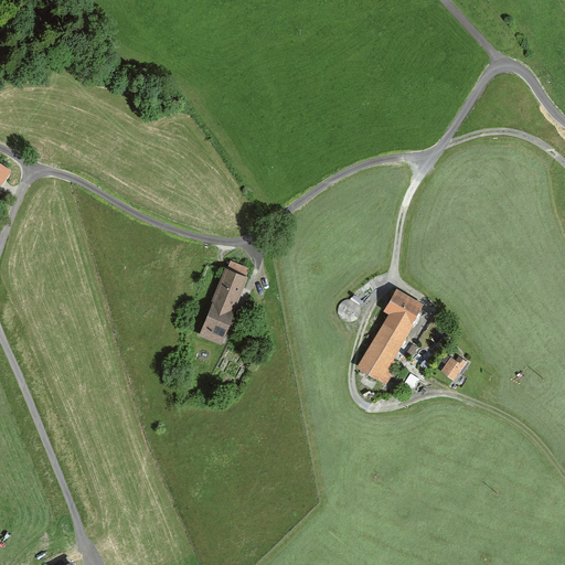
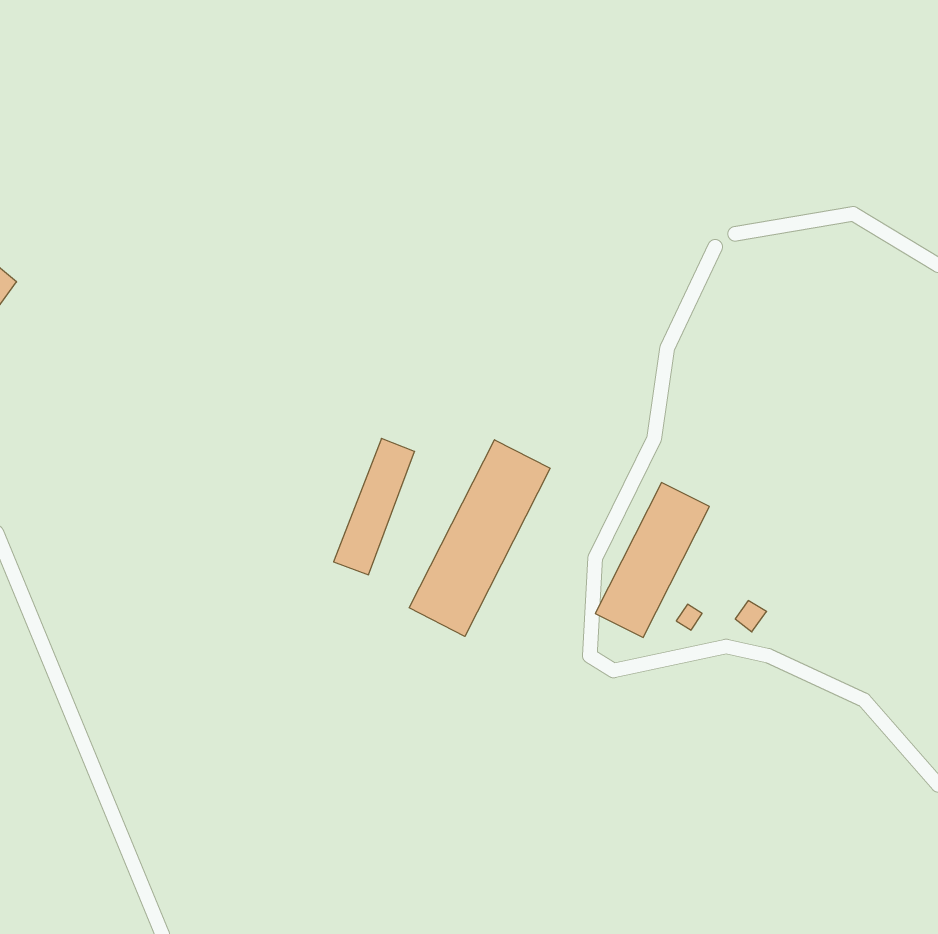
building: none -> [409,440,550,636]

